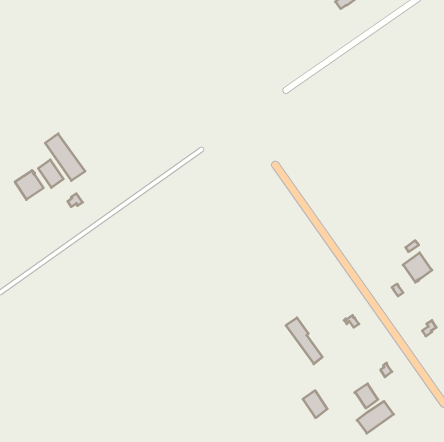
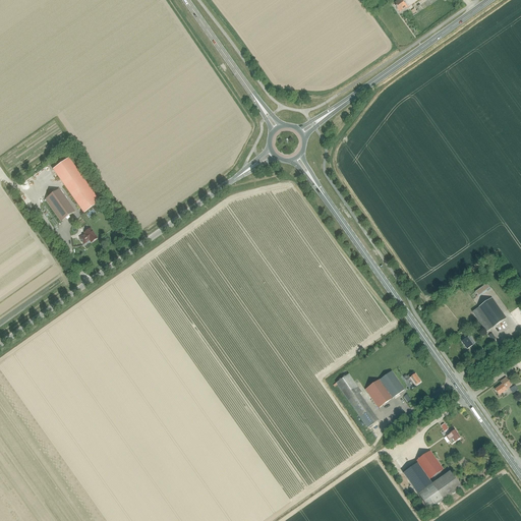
building: [15,170,43,200] -> none
building: none -> [365,369,404,406]
building: [303,391,327,417] -> [403,461,431,493]

